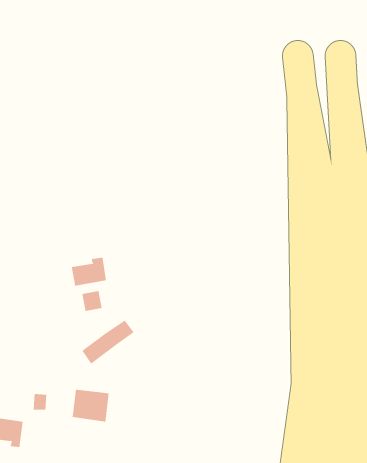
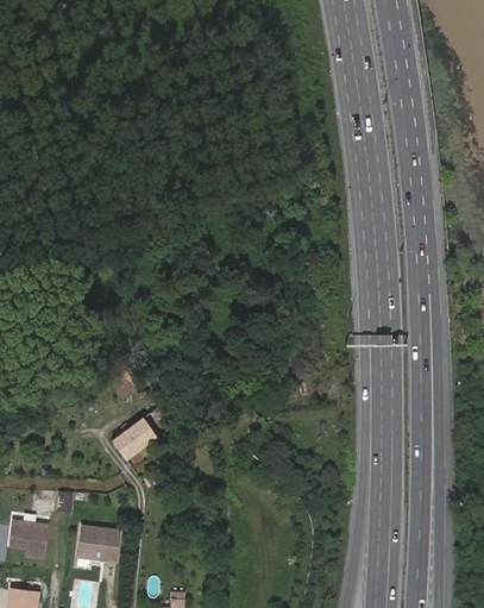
building: [71,257,106,287] -> none
building: [72,389,109,422] -> [78,526,121,564]

